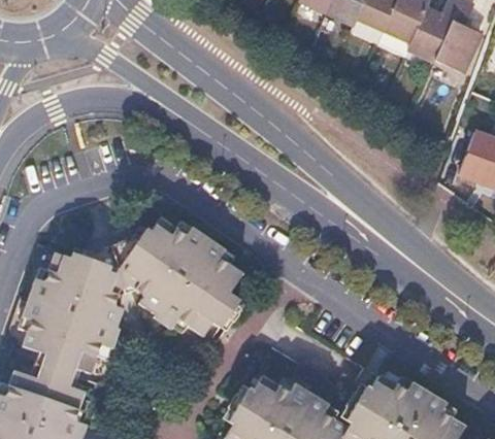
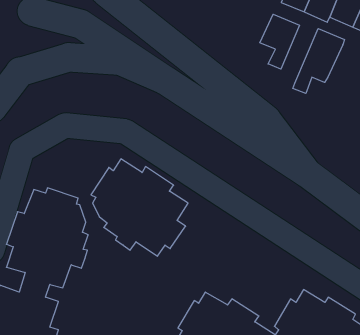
building: none -> [260,14,299,69]
building: none -> [293,29,345,93]

